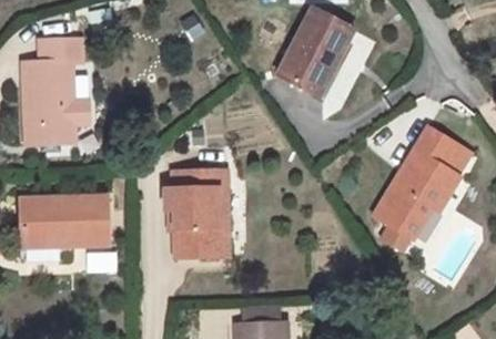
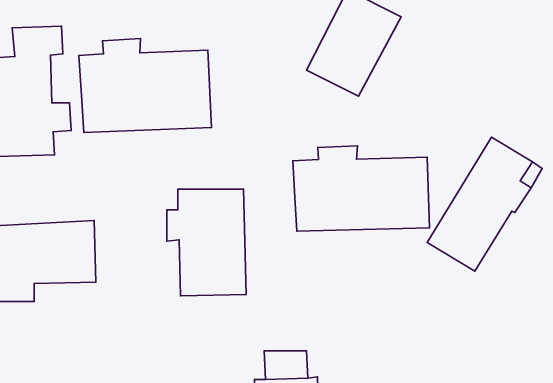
building: none -> [79,38,211,133]
building: none -> [293,146,430,231]

